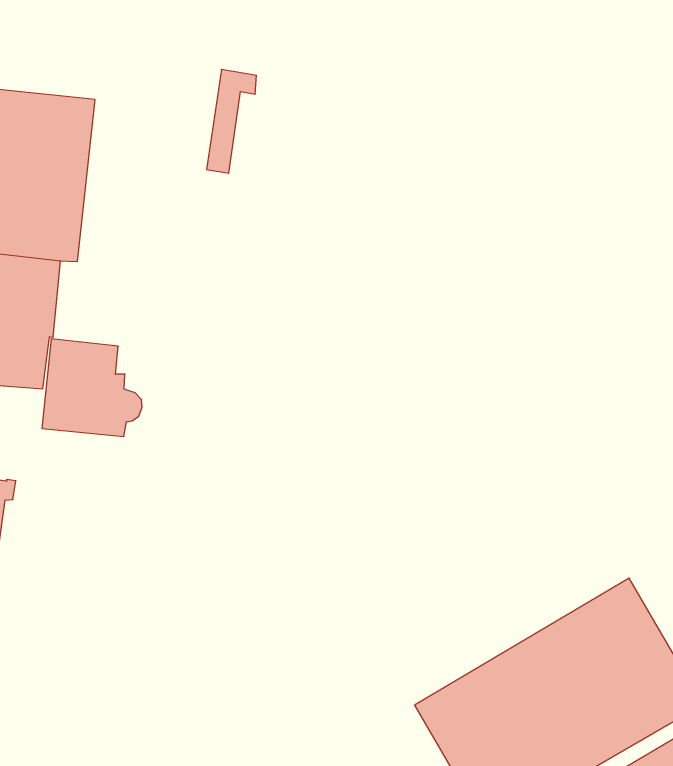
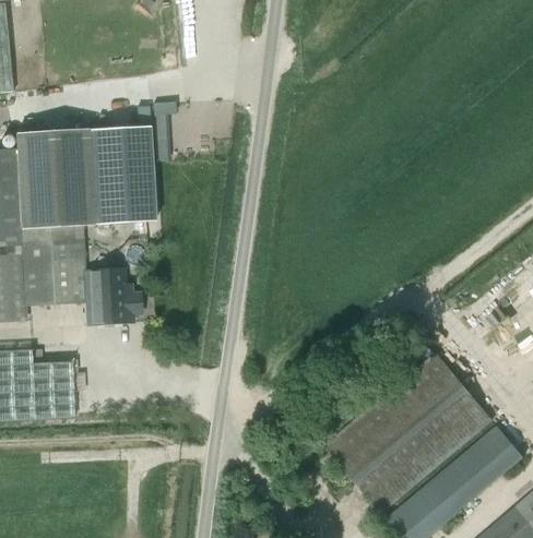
building: none -> [84,125,152,224]

